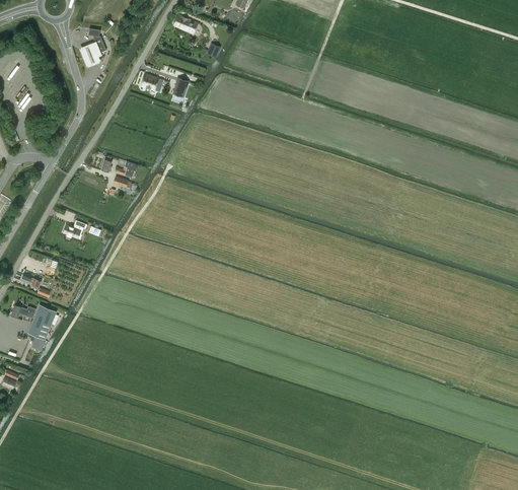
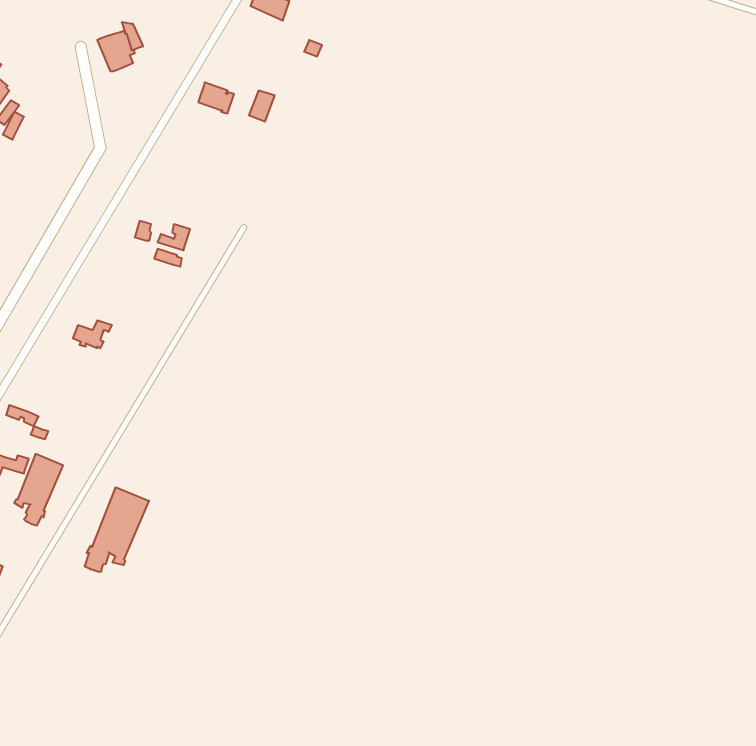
building: none -> [85,487,149,572]

